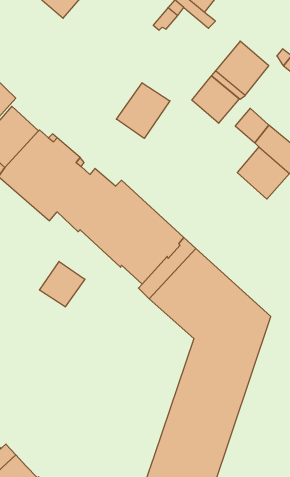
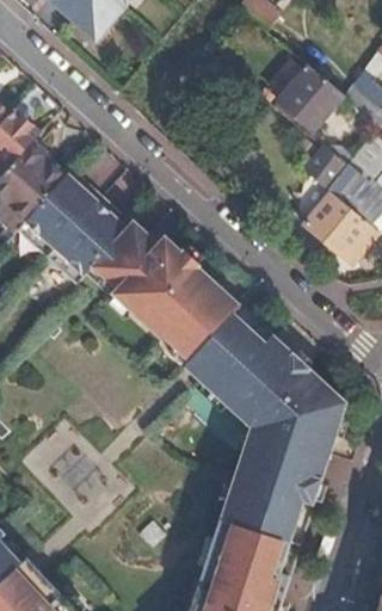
building: [192,76,239,123] -> none
building: [116,83,170,138] -> none
building: [40,261,85,307] -> none

